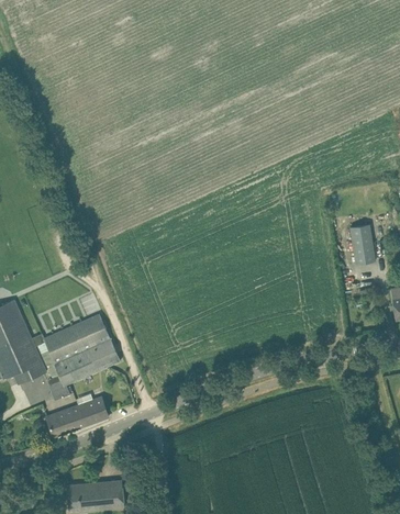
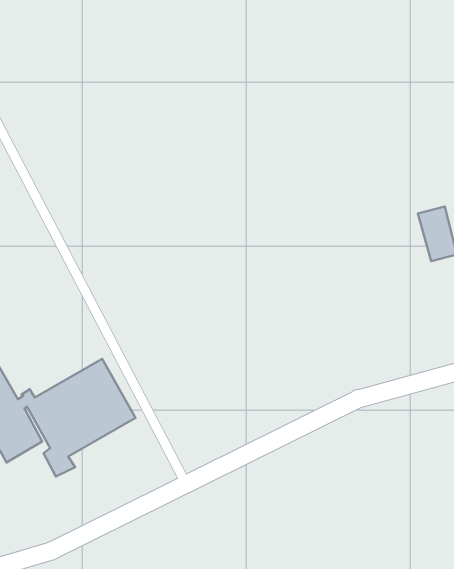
building: [46,394,109,437] -> none

